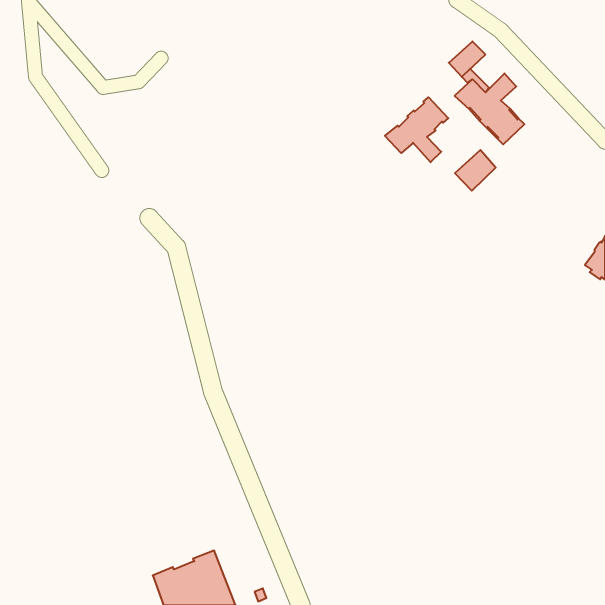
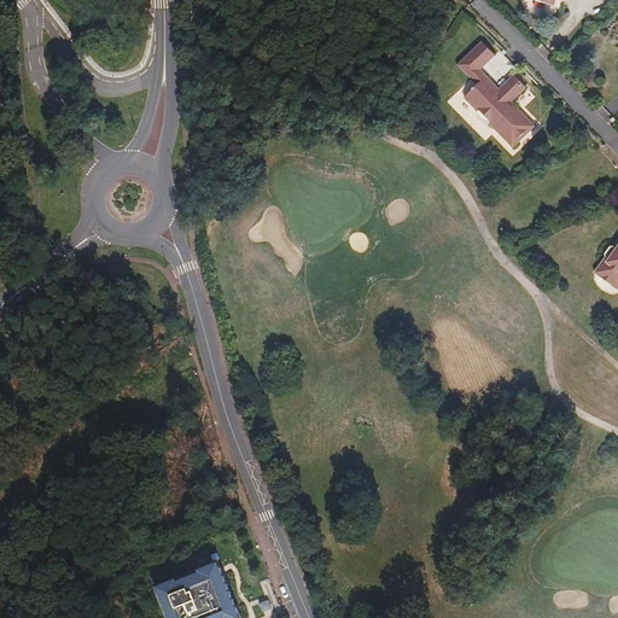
building: [385,97,448,162] -> none
building: [455,150,496,191] -> none

